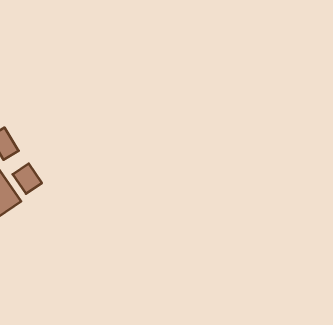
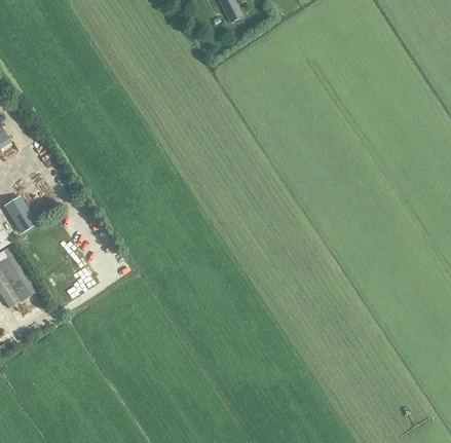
building: [13,164,42,194] -> none

